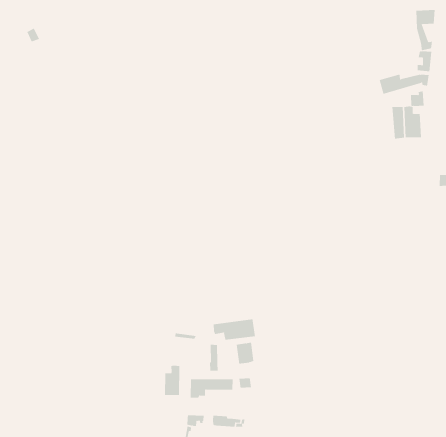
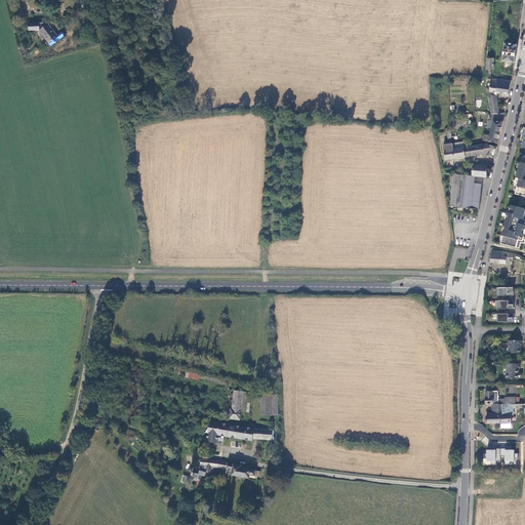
building: [213,318,256,341] -> none
building: [164,365,180,396] -> none

